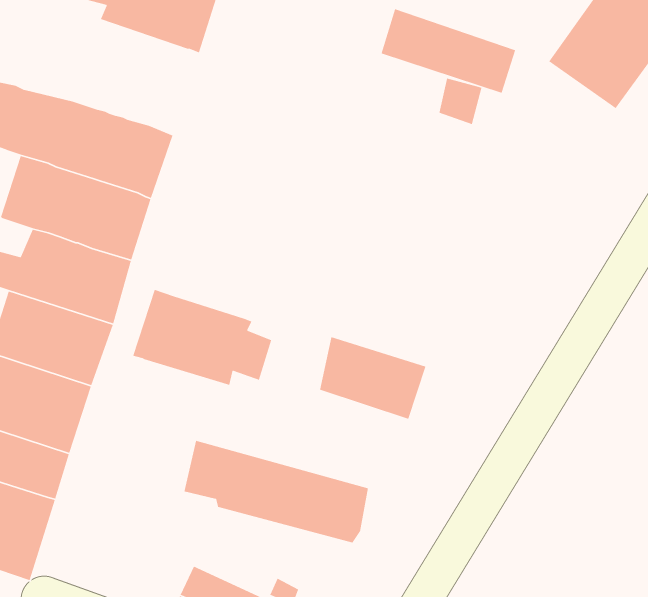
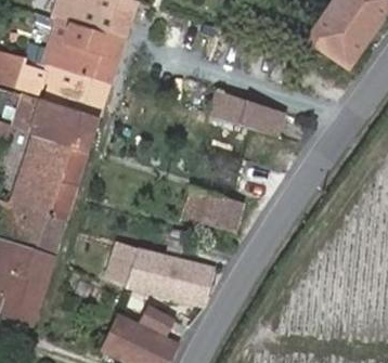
building: [381,8,516,94] -> [211,90,285,137]
building: none -> [54,18,122,81]
building: [132,289,272,386] -> none

